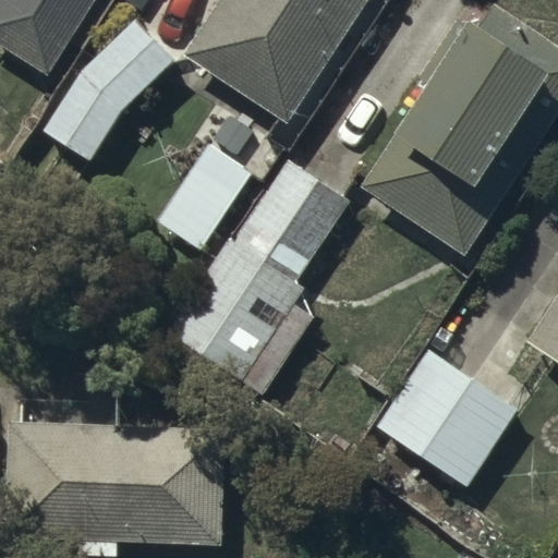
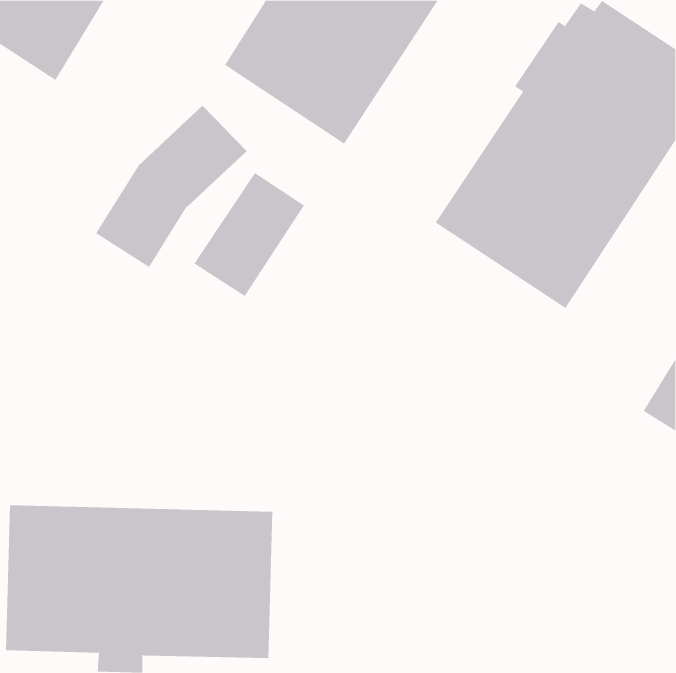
building: [48,23,173,157] -> [95,105,247,268]
building: [168,158,351,388] -> none
building: [379,352,517,485] -> none

